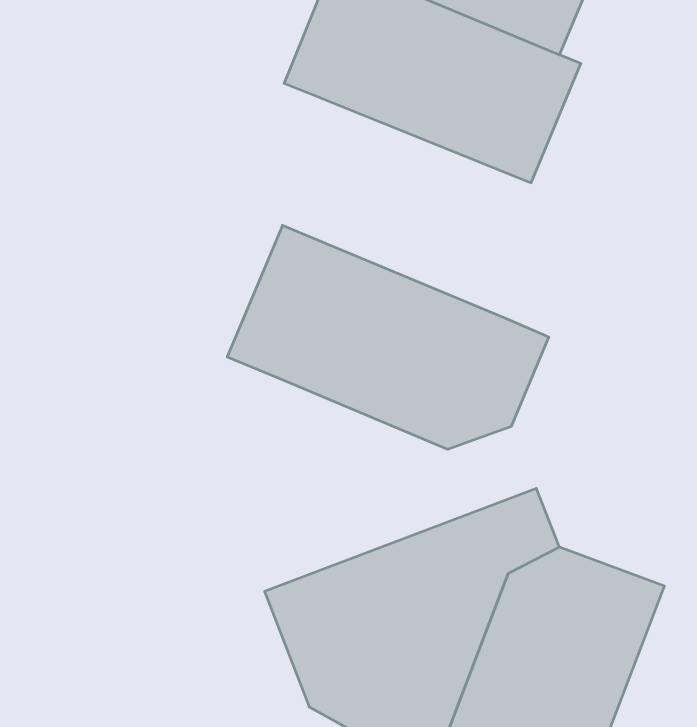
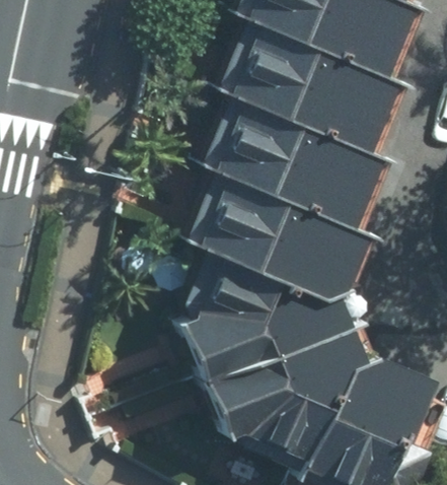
building: none -> [190,95,356,222]
building: none -> [165,256,343,377]

